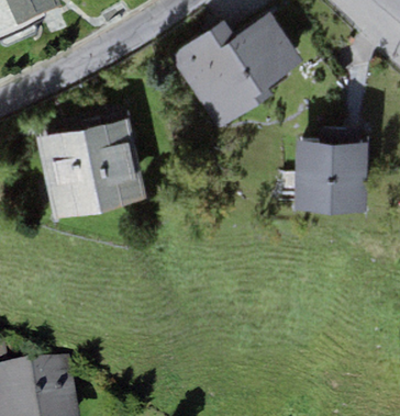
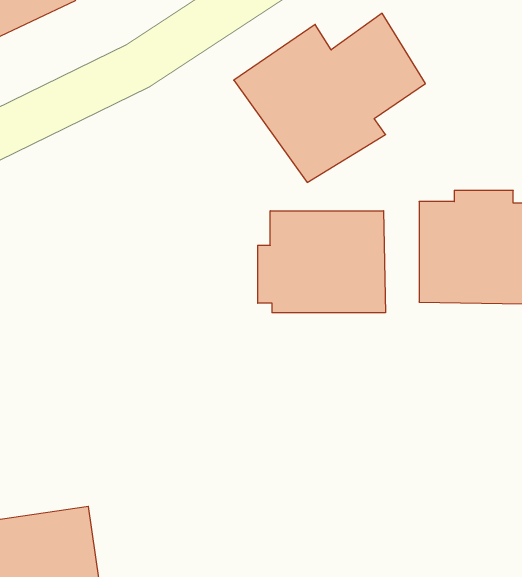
building: [36,120,145,221] -> none
building: none -> [258,211,385,313]

